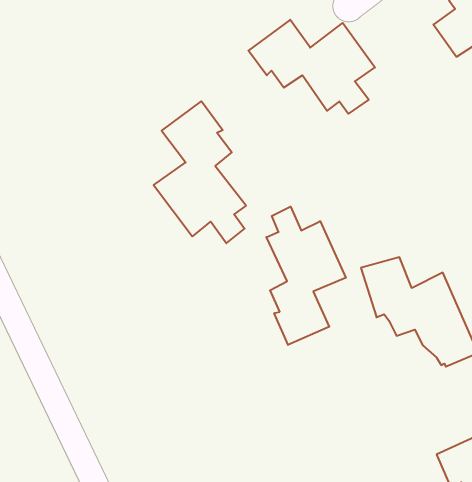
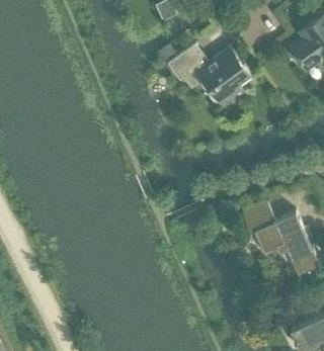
building: [154,101,246,243] -> none
building: [266,207,346,345] -> none

